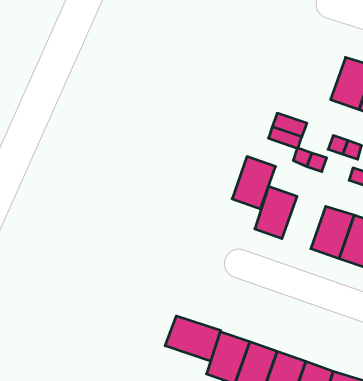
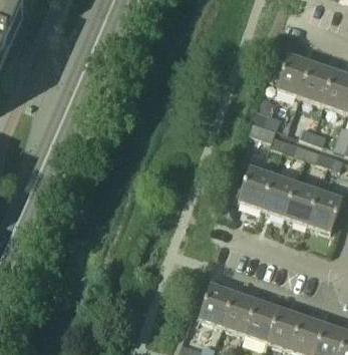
building: none -> [276,52,311,95]
building: [232,157,276,209] -> [260,173,295,216]
building: [165,316,221,361] -> none

